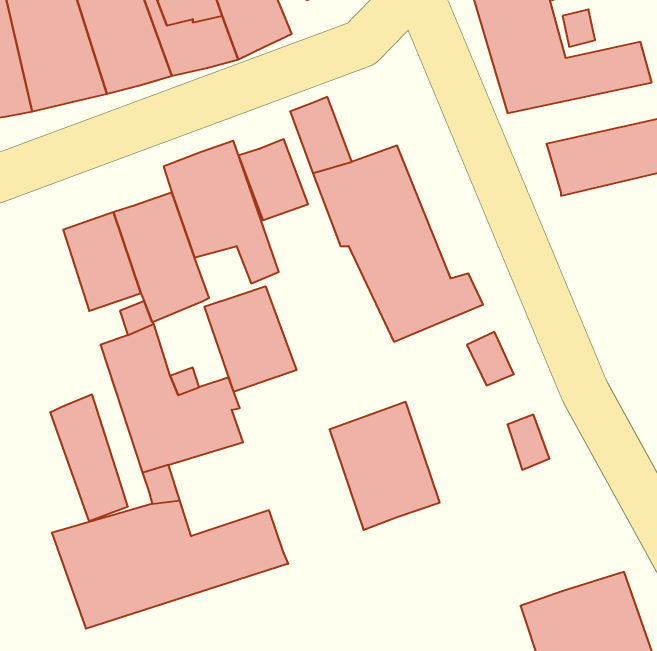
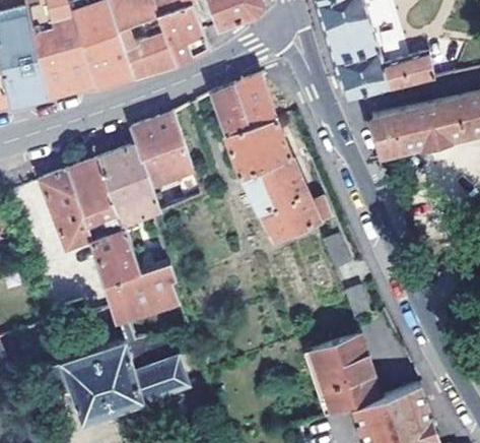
building: [238,139,308,220] -> [232,79,276,130]
building: [204,286,296,392] -> none
building: [50,395,128,521] -> [41,173,89,252]
building: [329,402,440,530] -> [311,336,380,417]

